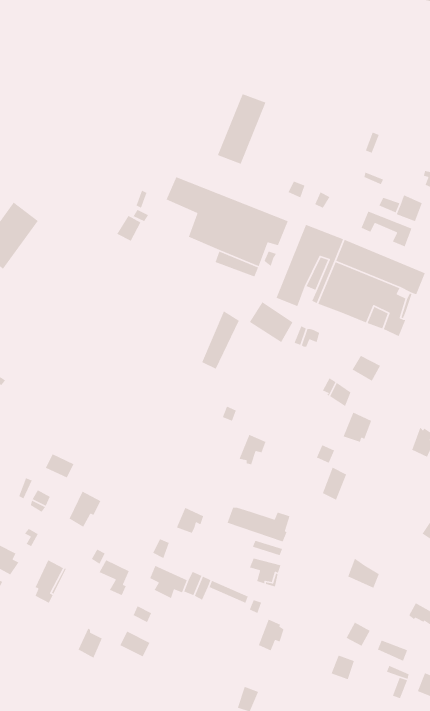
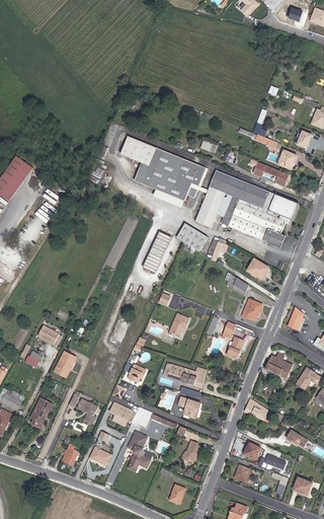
building: [217,93,267,165] -> none
building: none -> [264,352,292,378]
building: none -> [128,431,152,470]

